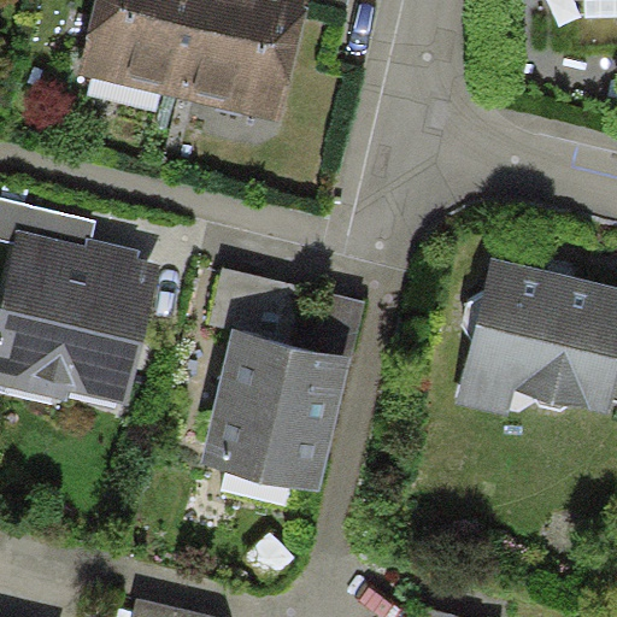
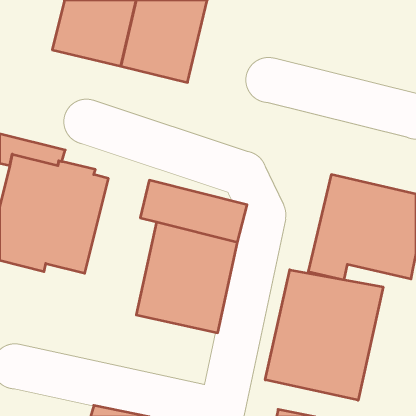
building: none -> [265,270,383,400]

